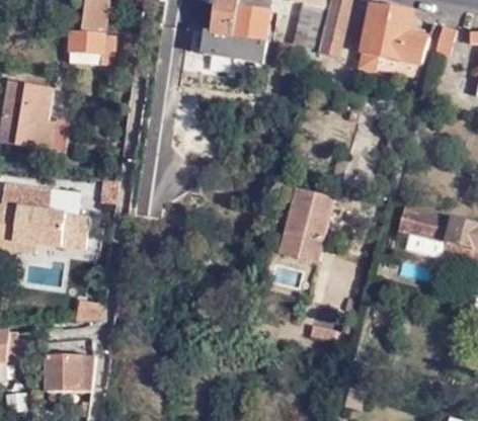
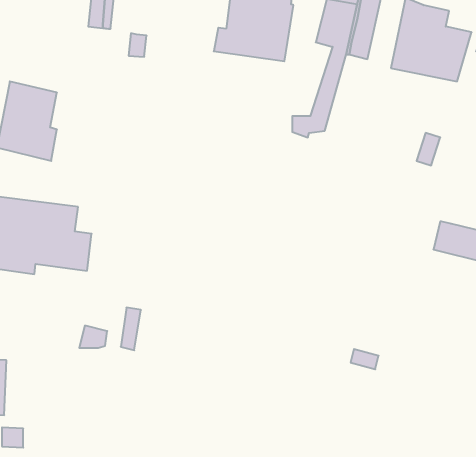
building: [67,32,115,67] -> none
building: [277,188,331,261] -> none
building: [48,354,96,390] -> none

